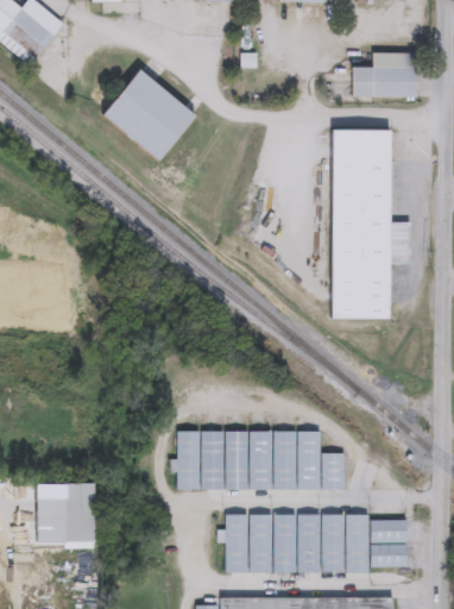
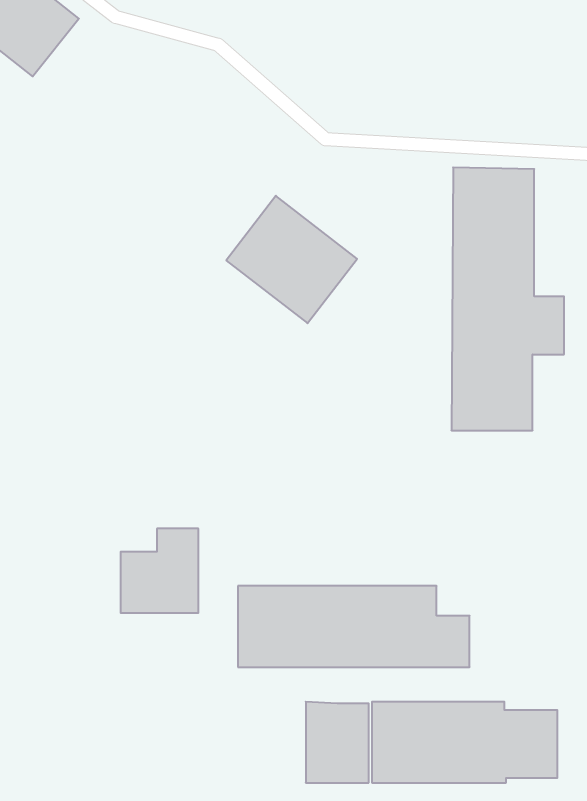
building: [354,52,418,98] -> none
building: [102,69,196,161] -> [226,196,357,323]
building: [37,482,93,542] -> [121,529,198,613]

